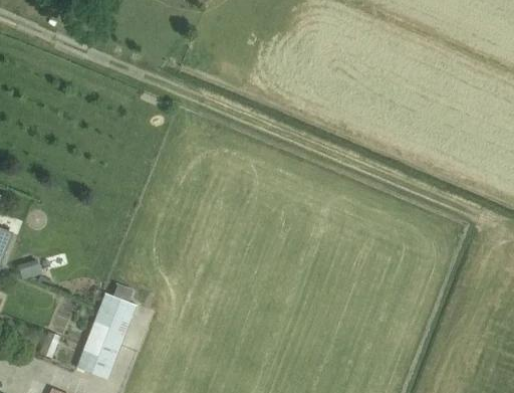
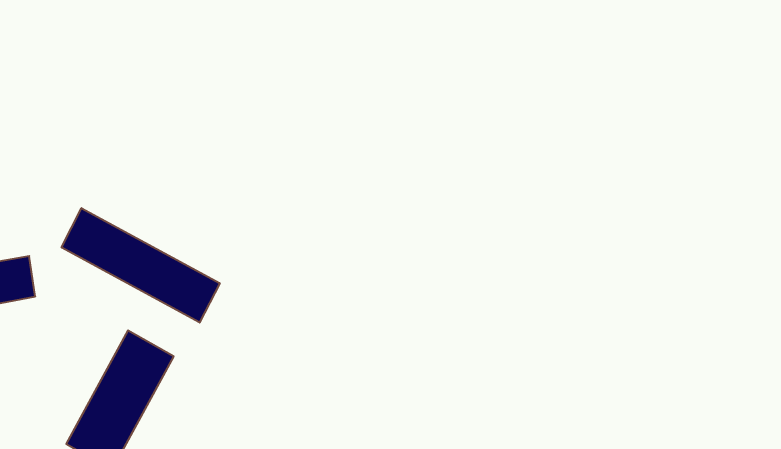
building: none -> [62,208,220,323]

